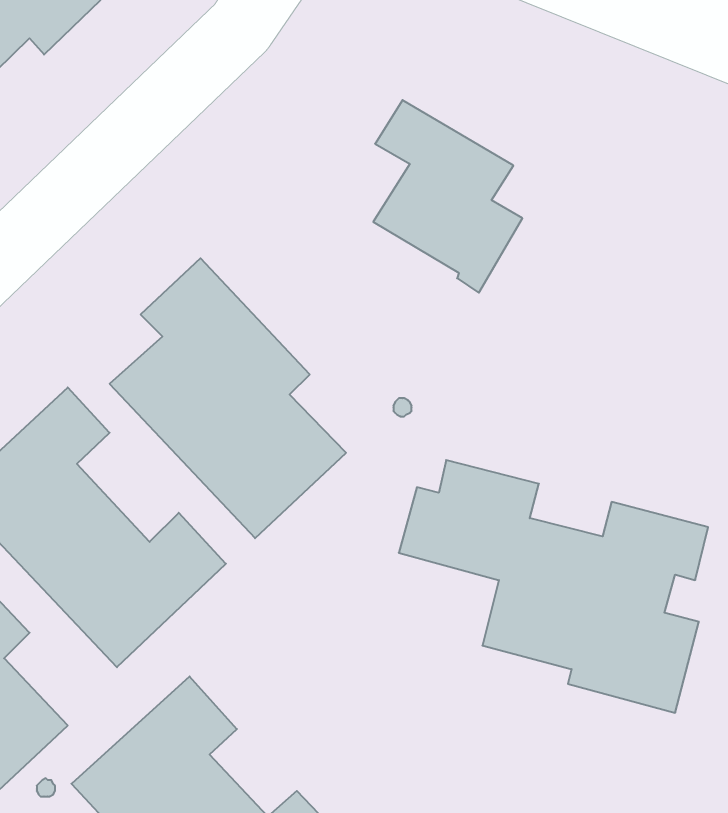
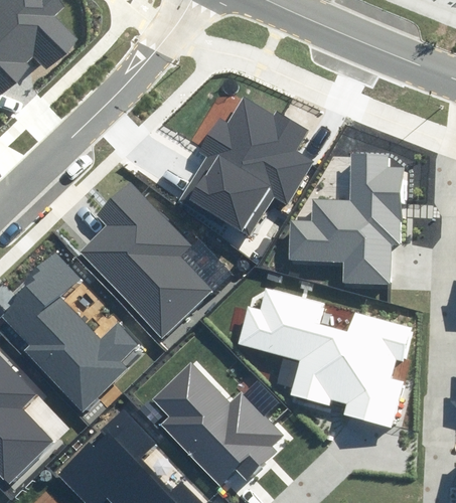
building: none -> [185,114,274,235]
building: none -> [285,154,403,284]
building: none -> [153,361,285,484]

